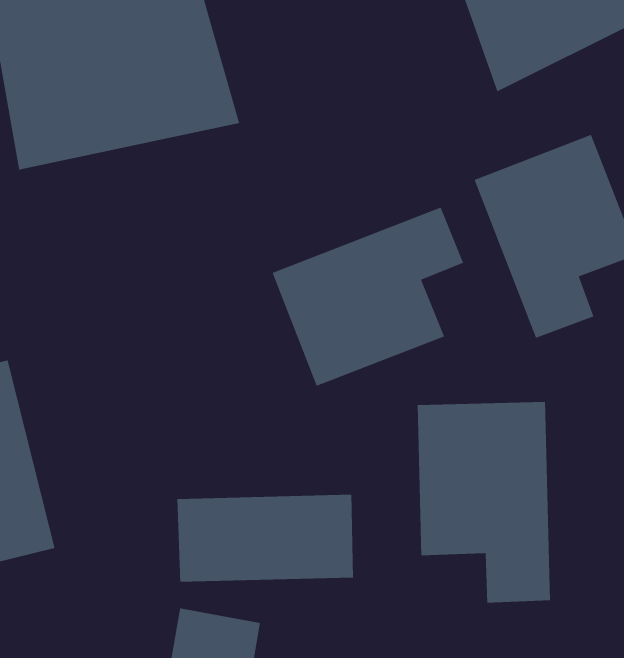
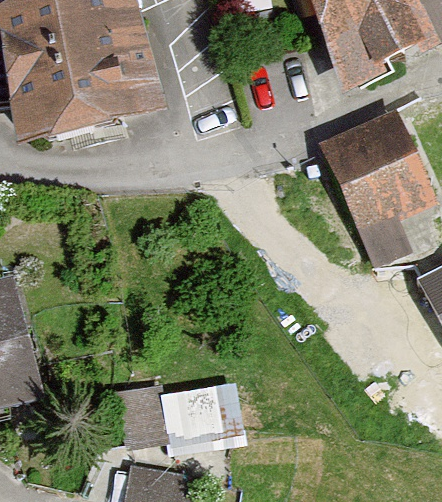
building: [271,206,464,387] -> none
building: [417,401,551,603] -> none

